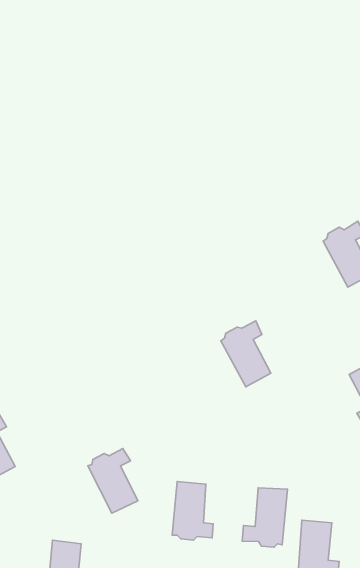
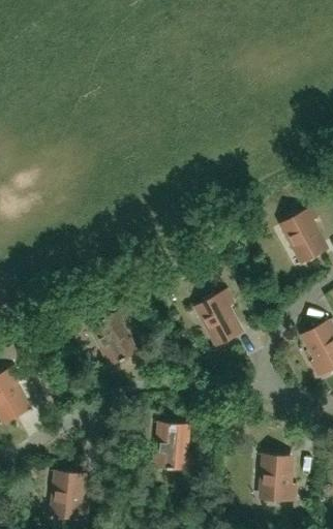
building: [88,448,138,513] -> [92,310,133,364]
building: [242,488,287,547] -> none

